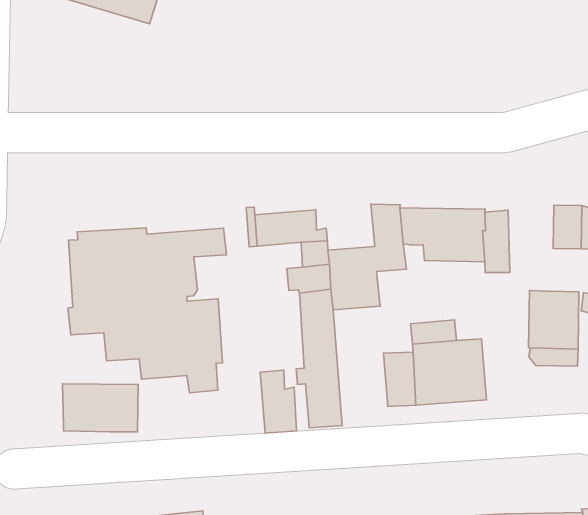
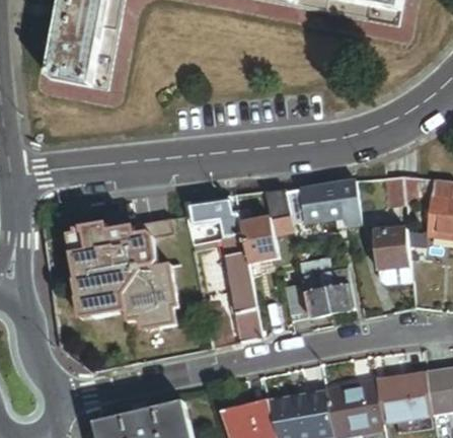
building: [63,384,138,432] -> none

